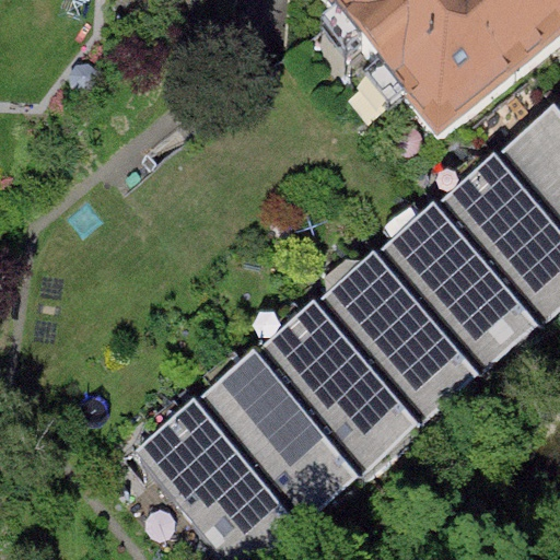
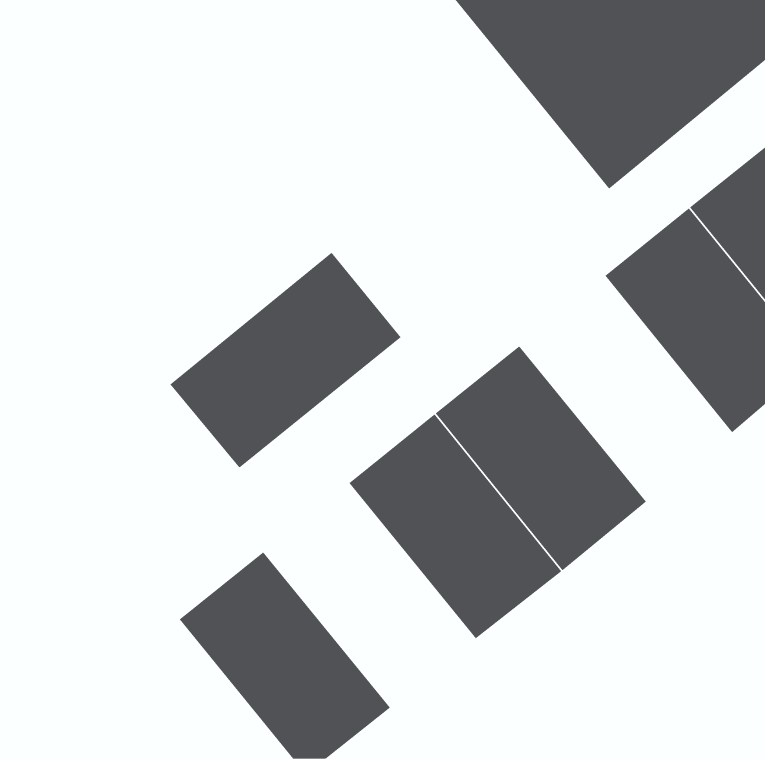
building: none -> [169,252,402,468]
building: [382,199,535,362] -> none
building: [197,349,350,511] -> none

